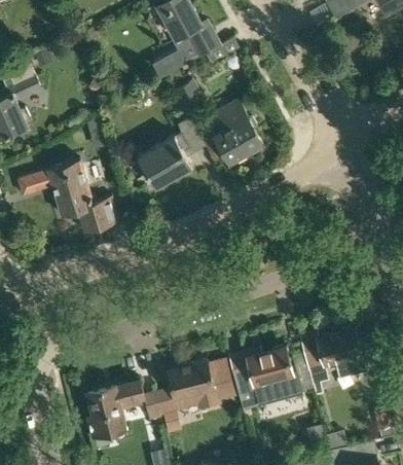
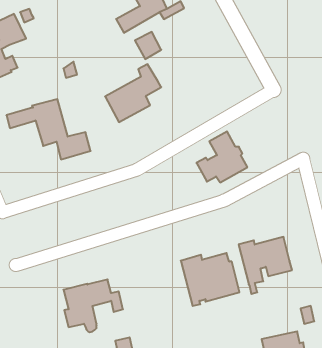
building: [202,102,263,164] -> [196,131,247,182]
building: [154,360,233,416] -> none

